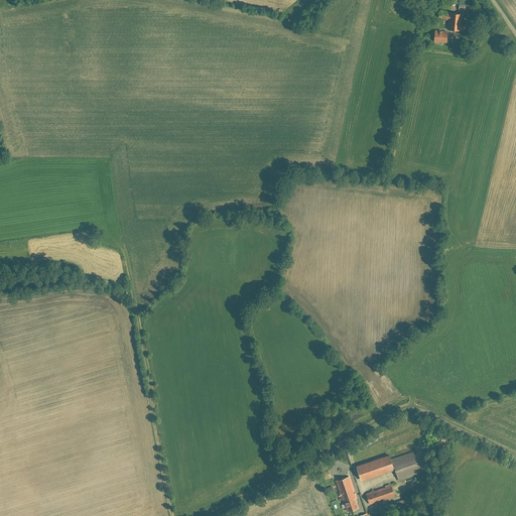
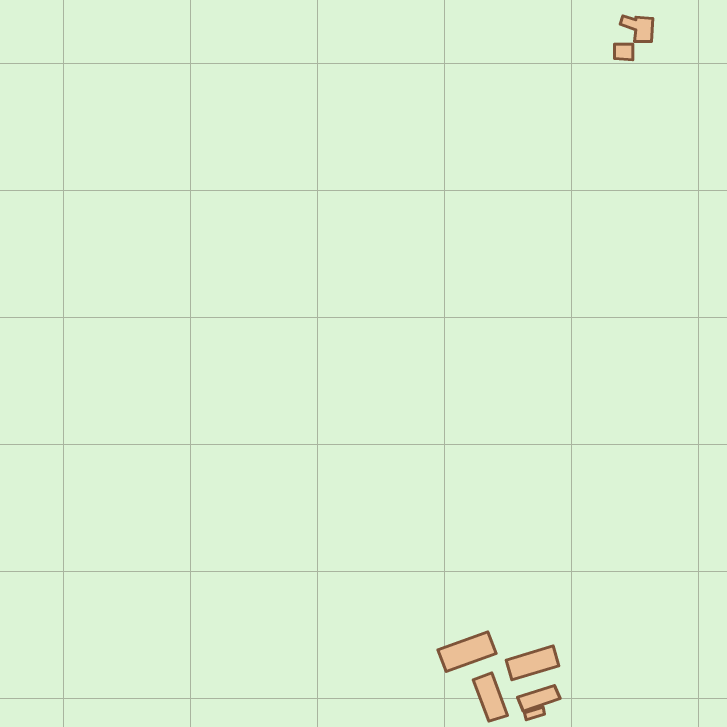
building: none -> [438,632,496,672]
building: [393,453,421,480] -> none

